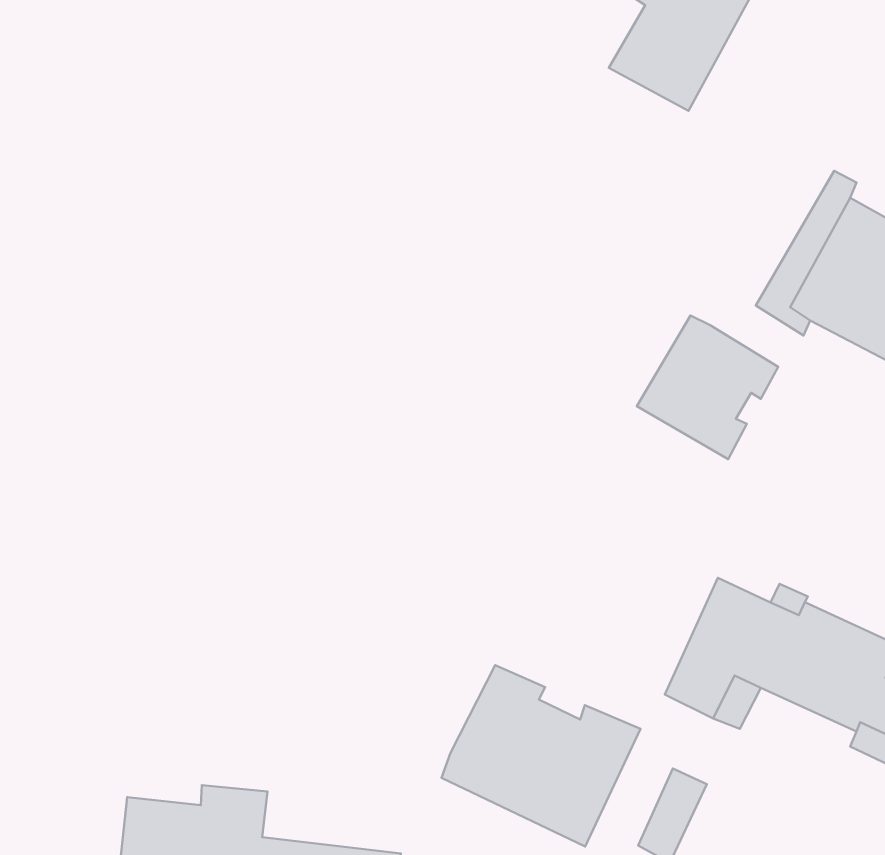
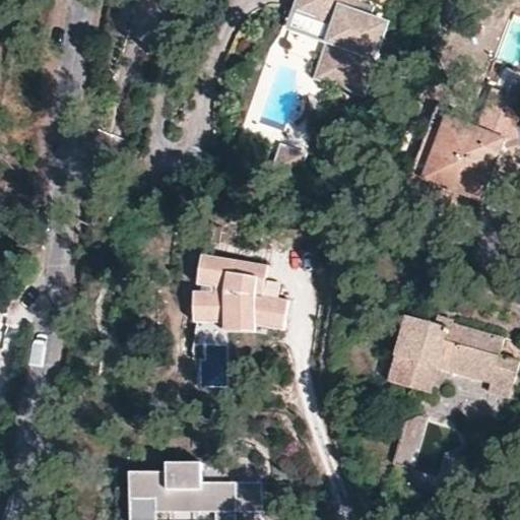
building: [637,315,778,459] -> none
building: none -> [193,256,286,331]
building: [441,665,640,846] -> none

